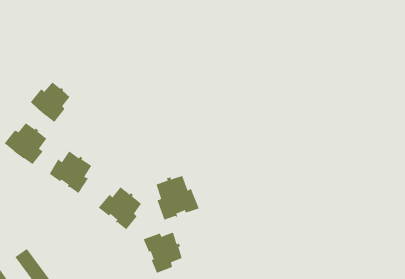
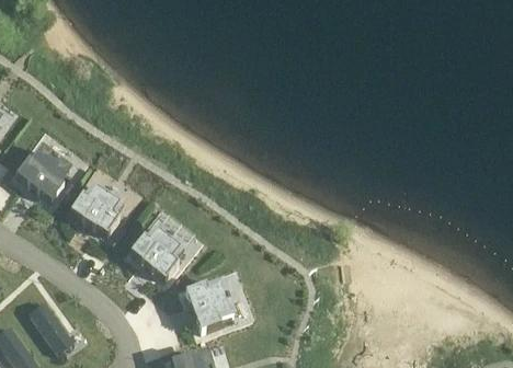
building: [30,82,70,123] -> none
building: [156,175,200,220] -> none

